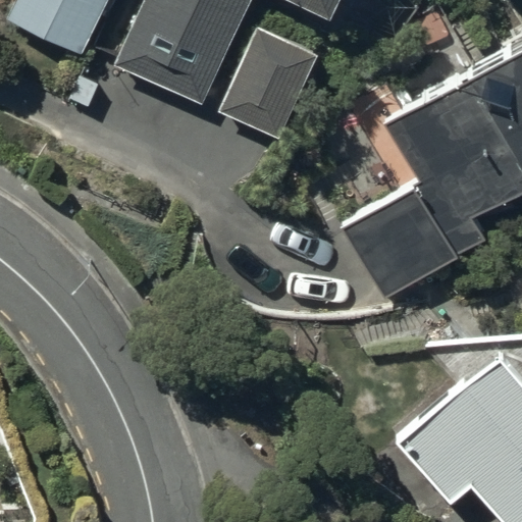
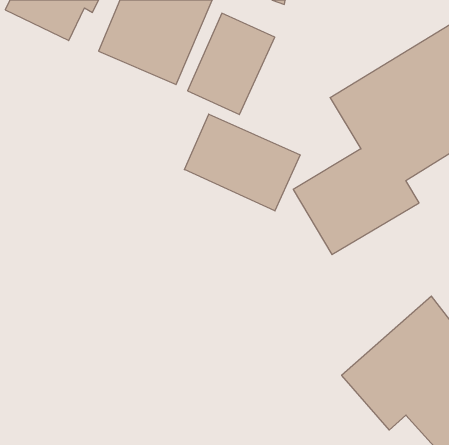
building: none -> [184,114,300,211]

